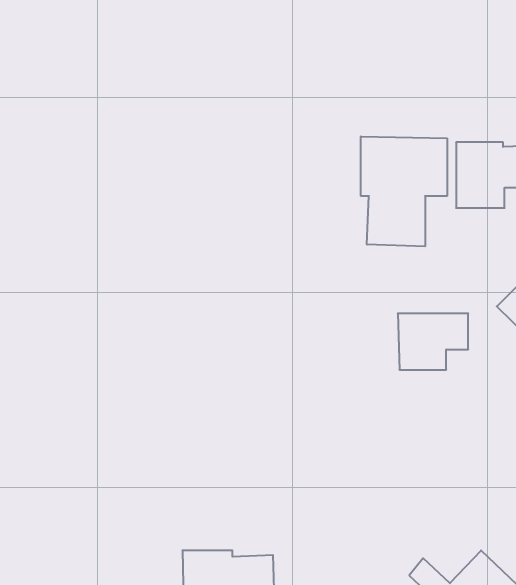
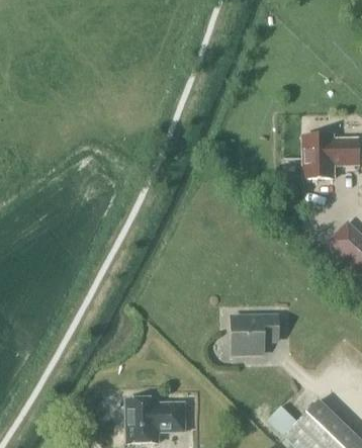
building: [361,136,447,246] -> none
building: [398,313,468,370] -> [232,316,277,352]

